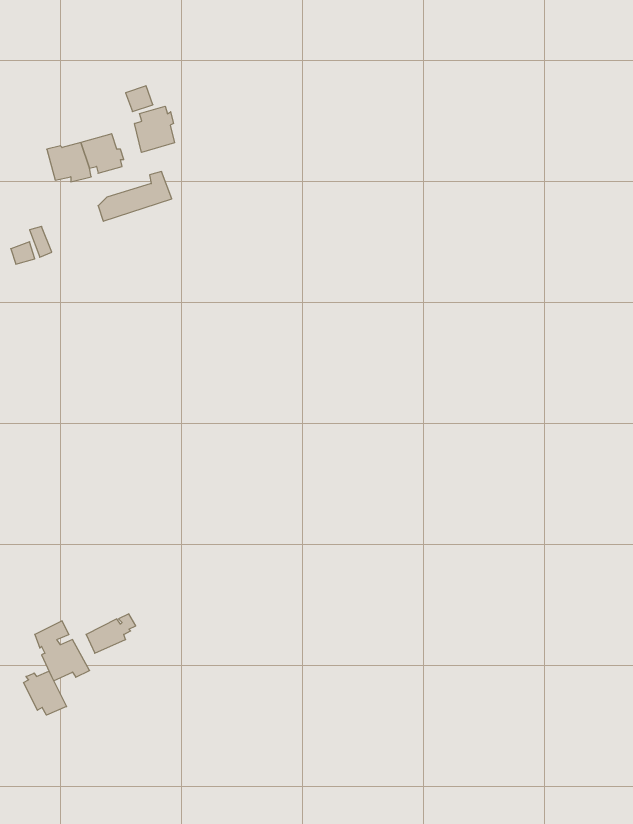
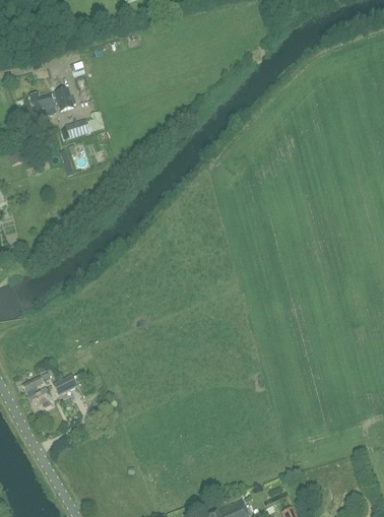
building: [135,106,175,152] -> none
building: [24,671,67,715] -> none

